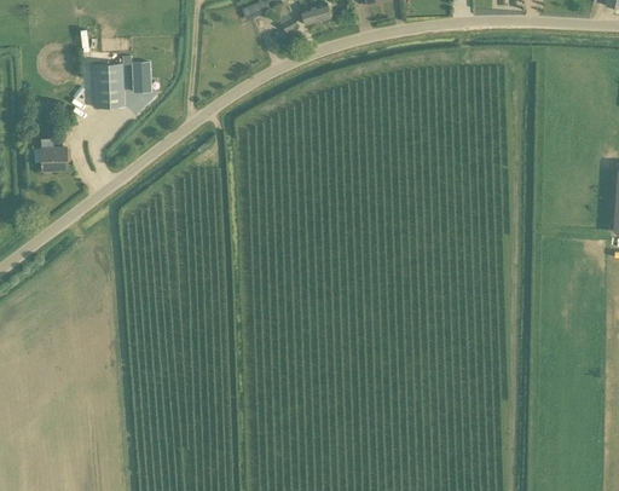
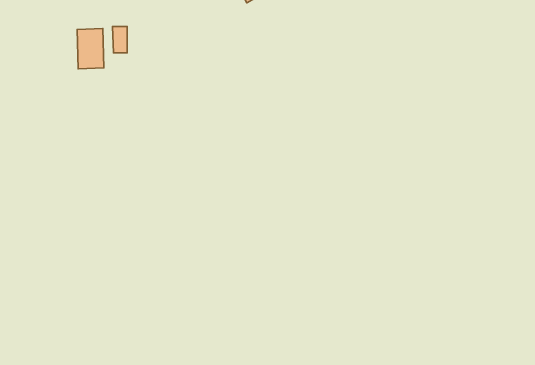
building: [40,145,66,169] -> none

